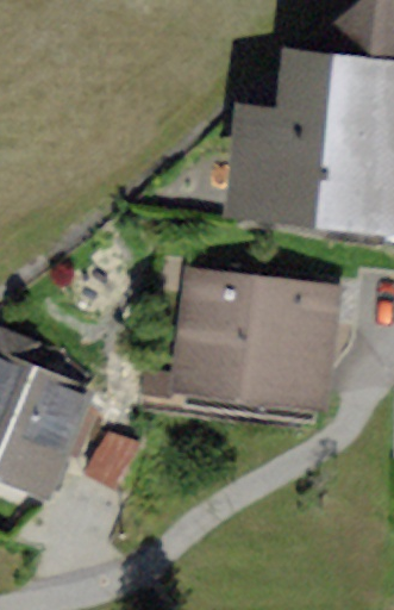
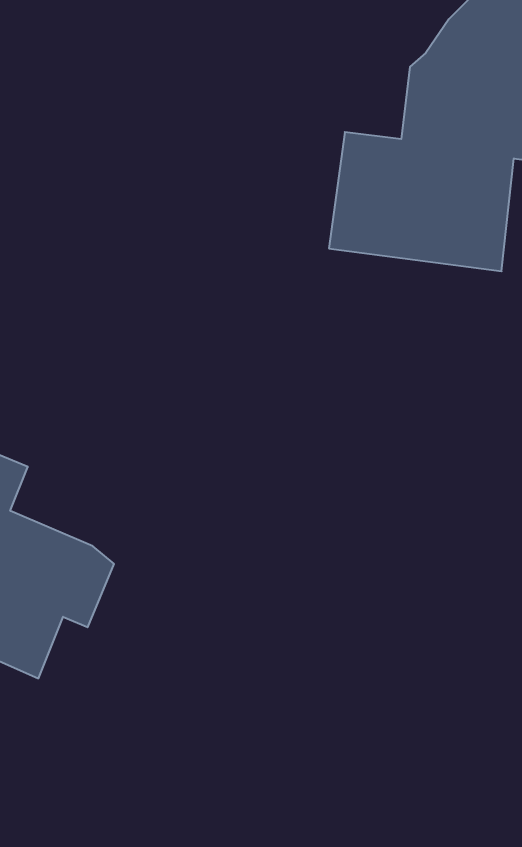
building: [188,288,327,397] -> none

